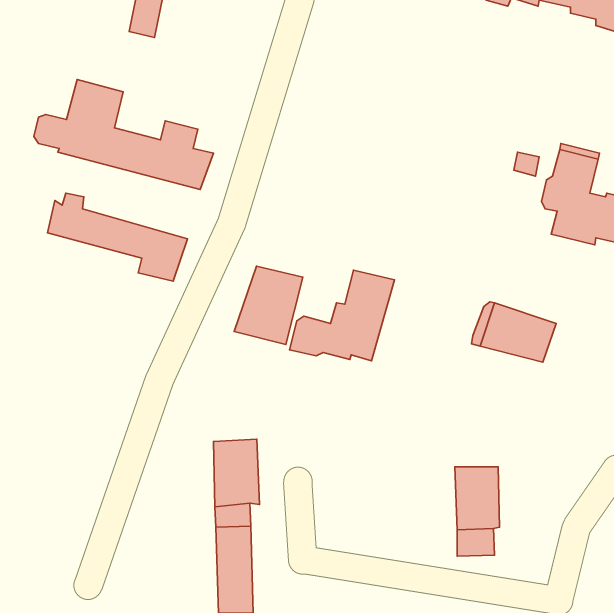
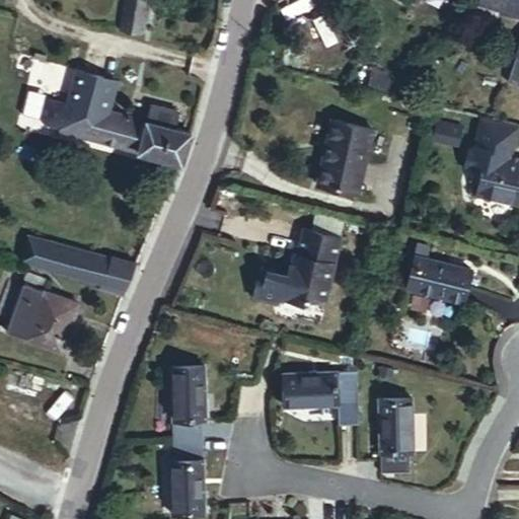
building: none -> [315,117,375,191]
building: [48,193,188,281] -> [11,228,129,302]
building: [234,266,303,344] -> none
building: none -> [11,293,67,357]
building: none -> [289,370,363,422]

